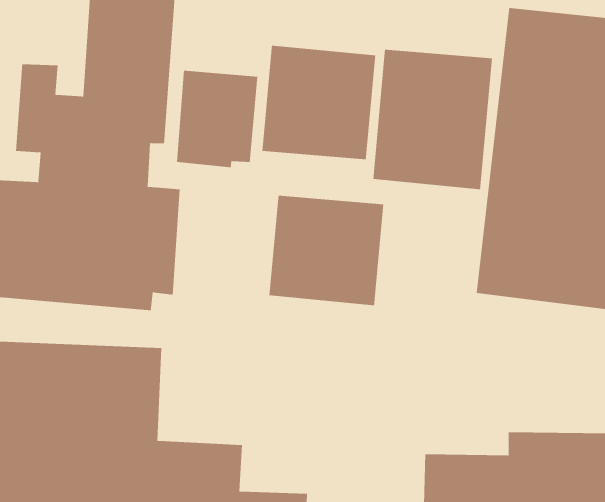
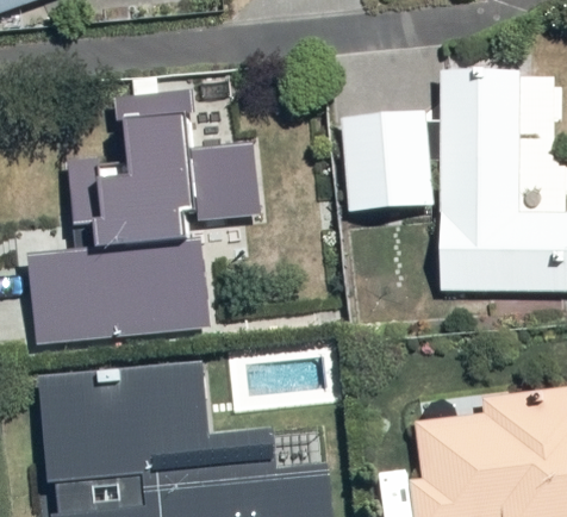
building: [262,45,376,160] -> none
building: [269,195,384,306] -> none

